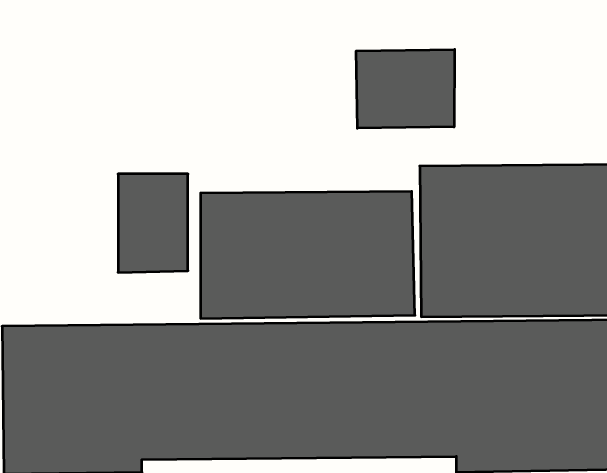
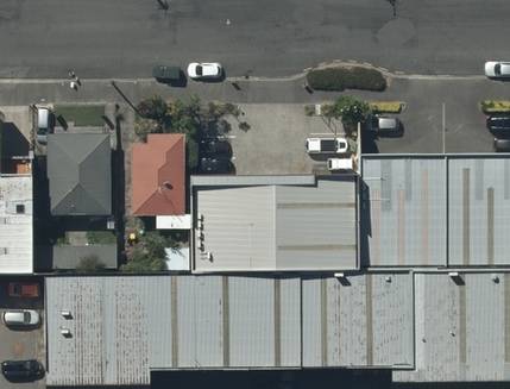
building: [356,49,455,128] -> none
building: none -> [48,144,112,224]

